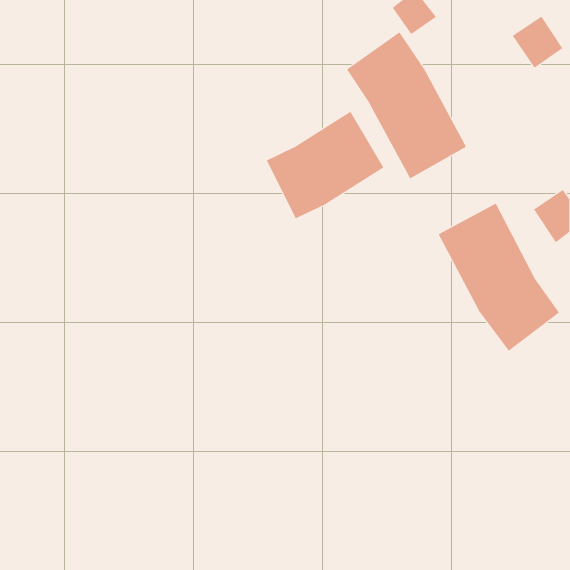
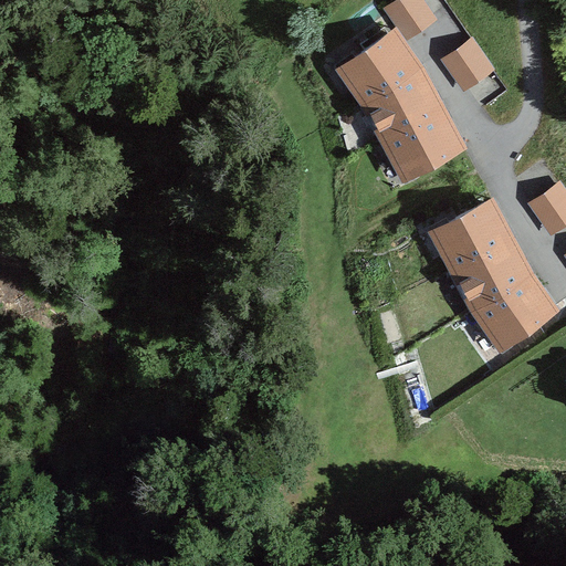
building: [512,16,563,68] -> [442,40,493,92]
building: [266,111,384,219] -> none

